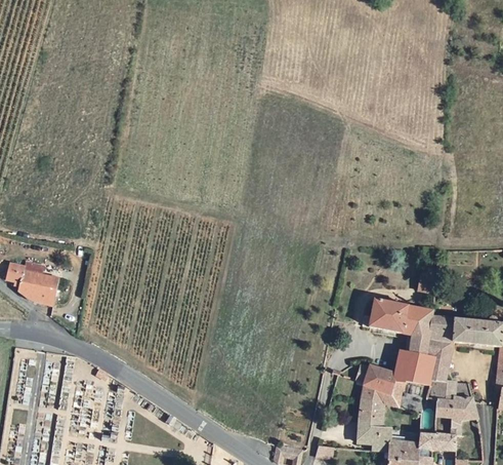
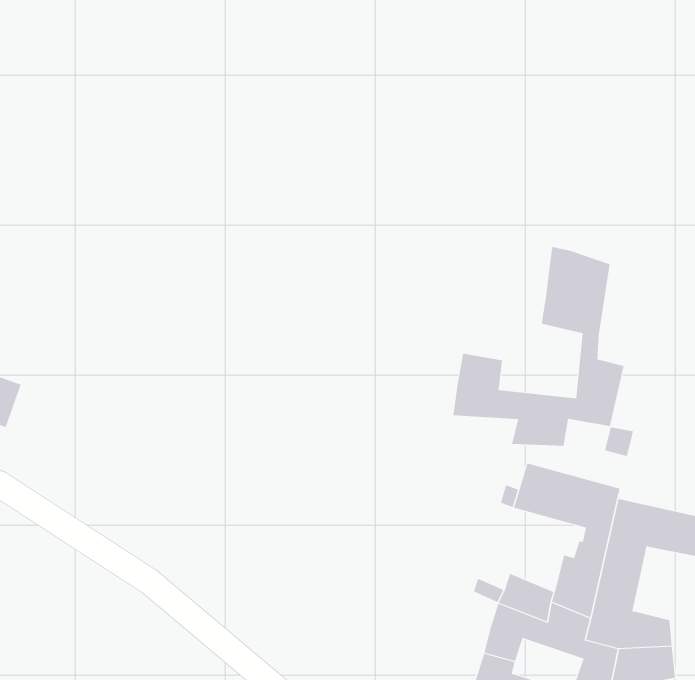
building: none -> [453,246,624,447]

